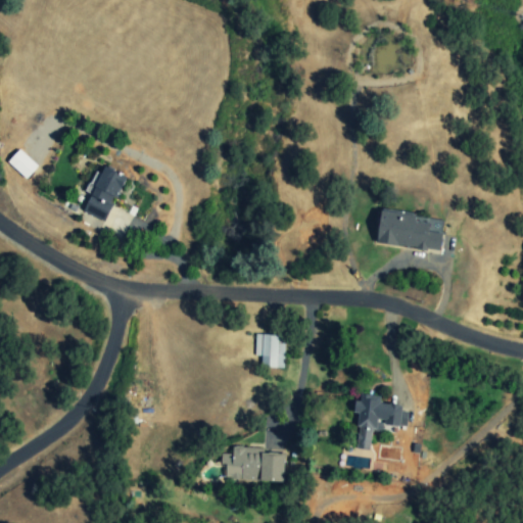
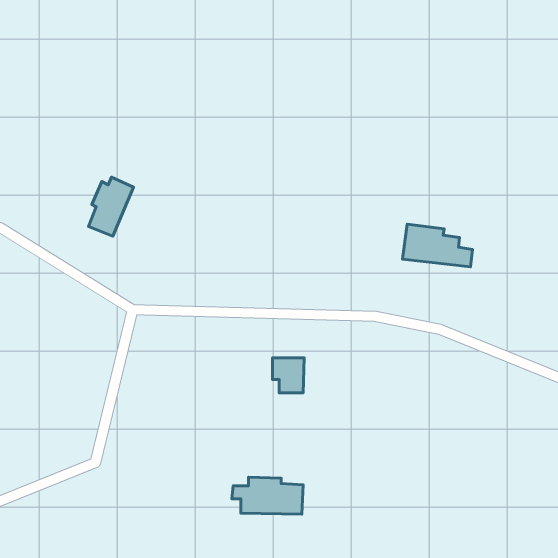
building: [8,148,38,178] -> none
building: [355,392,402,448] -> none

